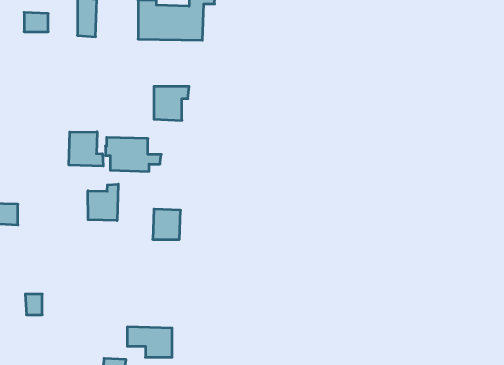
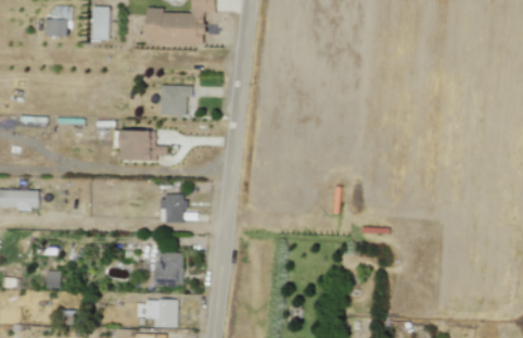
building: [69,132,103,166] -> none
building: [88,184,118,221] -> none
building: none -> [155,252,182,287]

